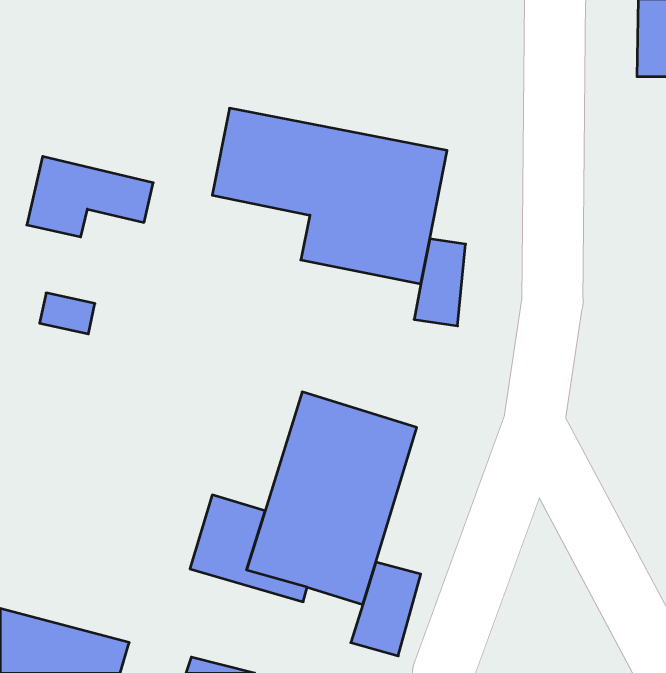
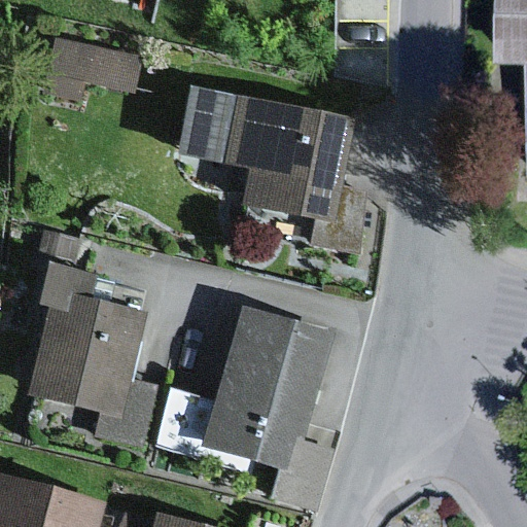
building: [27,156,153,237] -> [42,41,141,104]
building: none -> [27,261,161,448]

